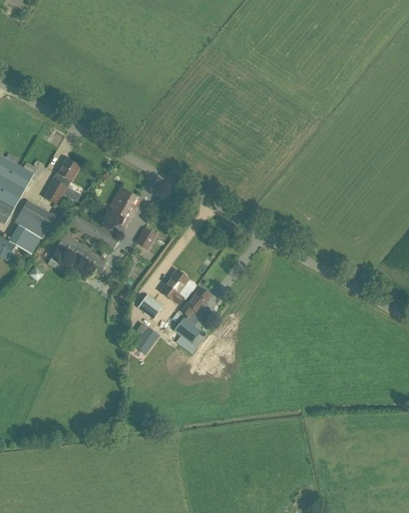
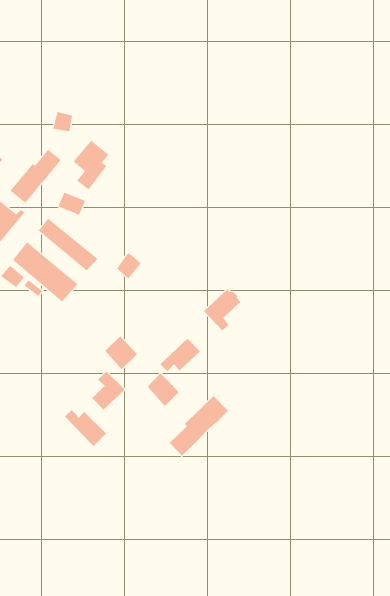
building: [109,188,136,227] -> [73,140,109,190]
building: [161,270,189,304] -> [203,288,241,331]
building: none -> [169,395,229,456]
building: none -> [64,409,107,447]

